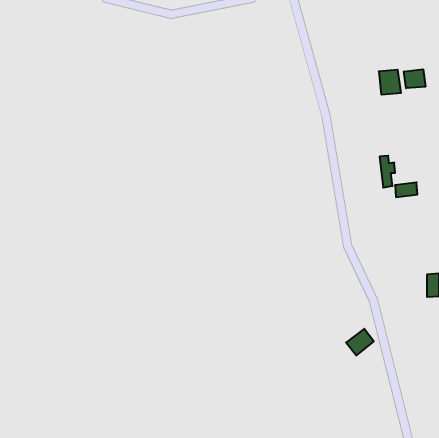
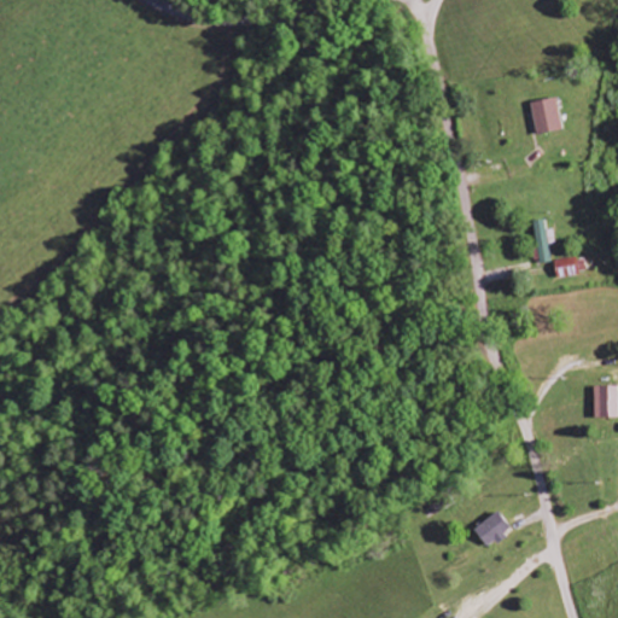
building: [404,69,425,88] -> none
building: [346,329,374,355] -> [472,511,511,548]

